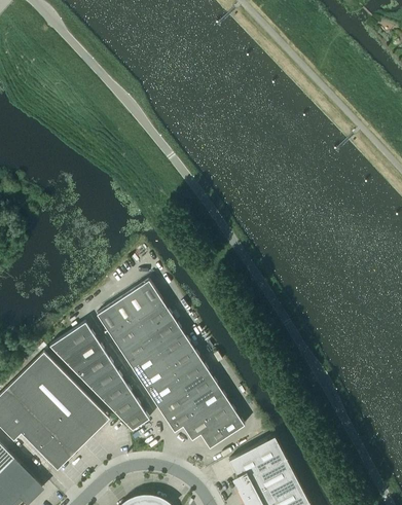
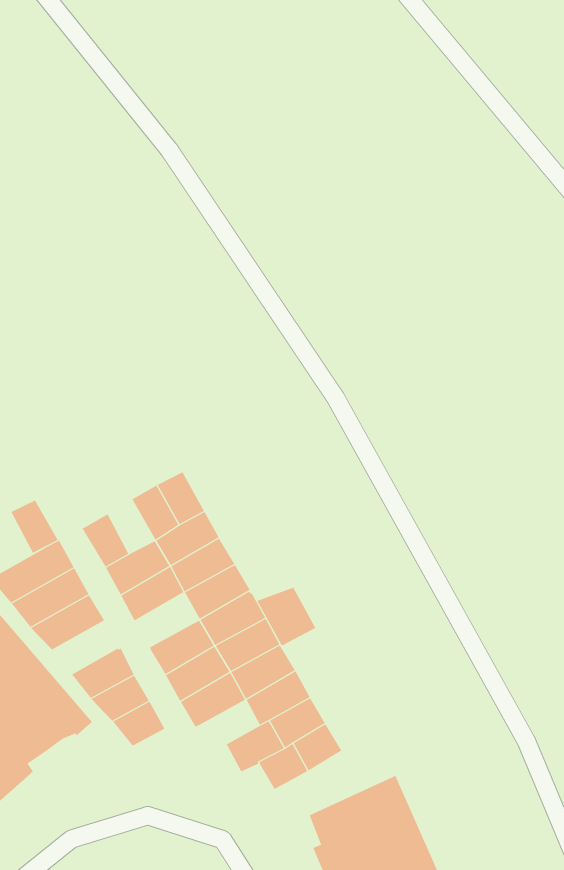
building: [110,297,137,327] -> [11,498,58,554]
building: none -> [257,587,317,646]
building: [129,346,163,377] -> none
building: [85,364,122,394] -> none
building: [166,401,199,432] -> none

